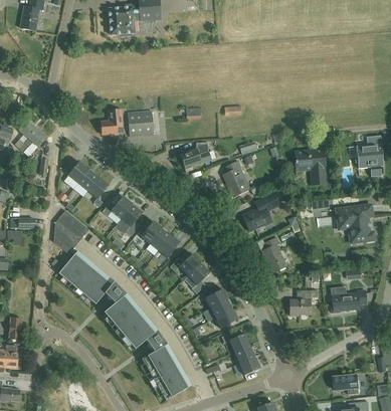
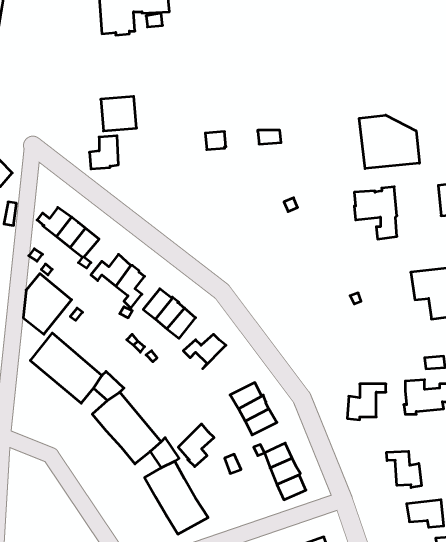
building: none -> [359,115,419,169]
building: [128,111,154,136] -> [101,96,137,131]
building: [180,143,210,167] -> none
building: [223,160,247,197] -> none
building: [242,193,279,231] -> none
building: [261,236,286,273] -> none
building: [184,262,210,293] -> [178,424,214,467]
building: none -> [387,451,421,488]

